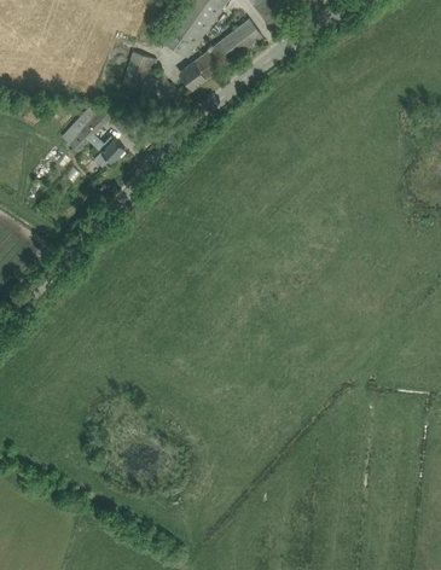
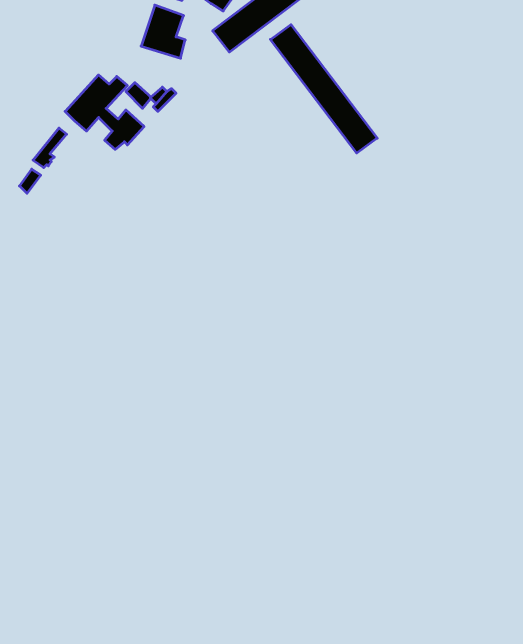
building: none -> [270,25,377,153]

